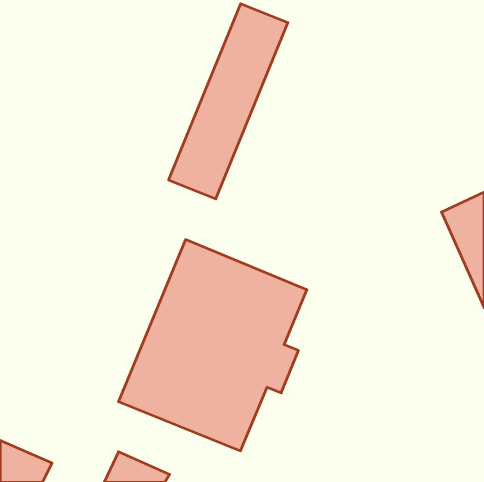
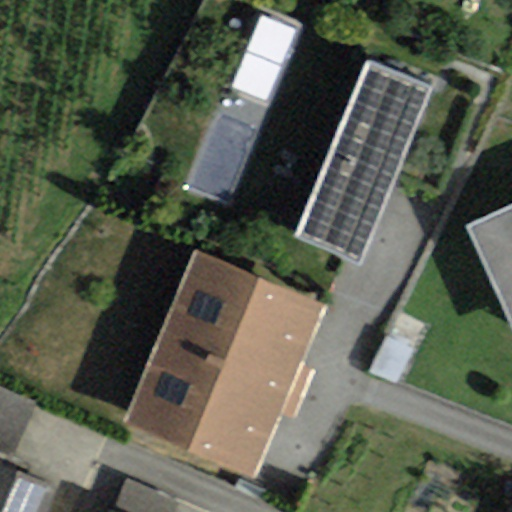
building: none -> [295,61,429,261]

